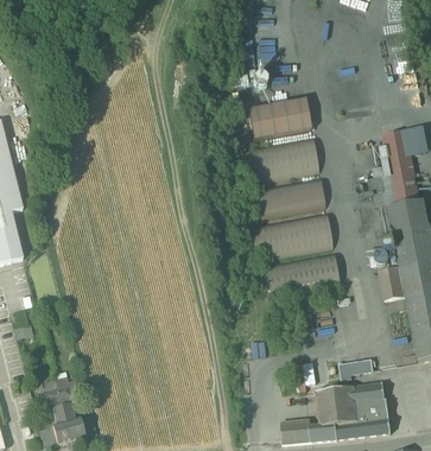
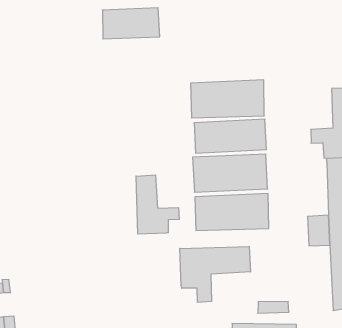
building: [248,99,311,139] -> [102,8,160,39]
building: none -> [136,175,179,234]
building: none -> [180,246,251,302]

